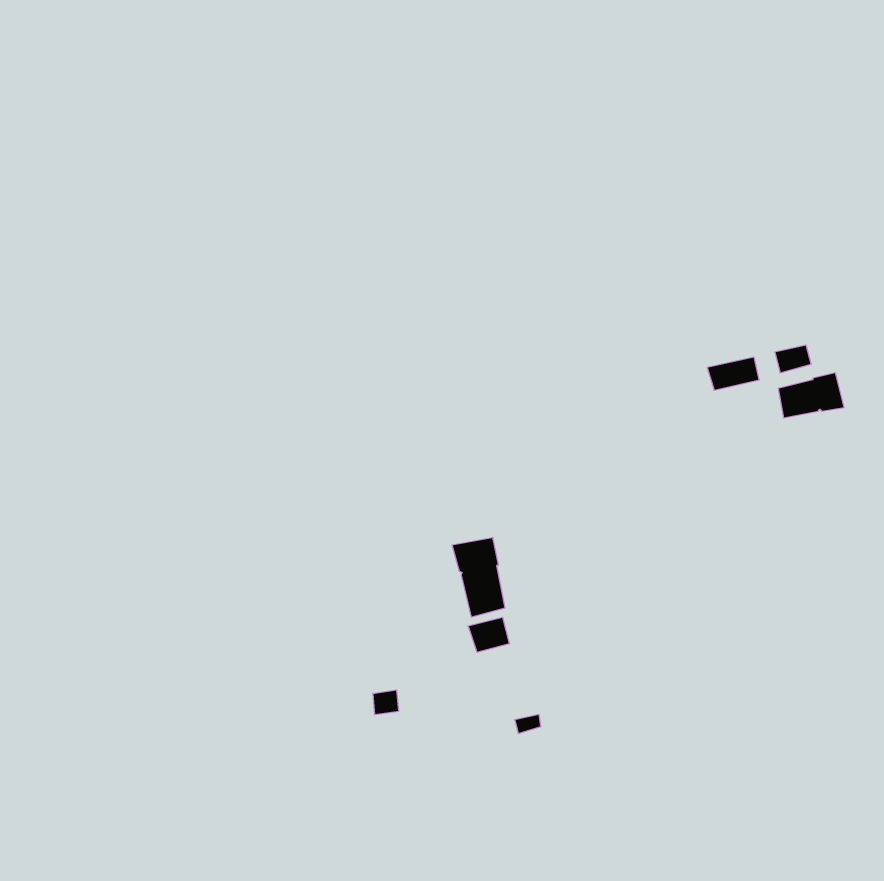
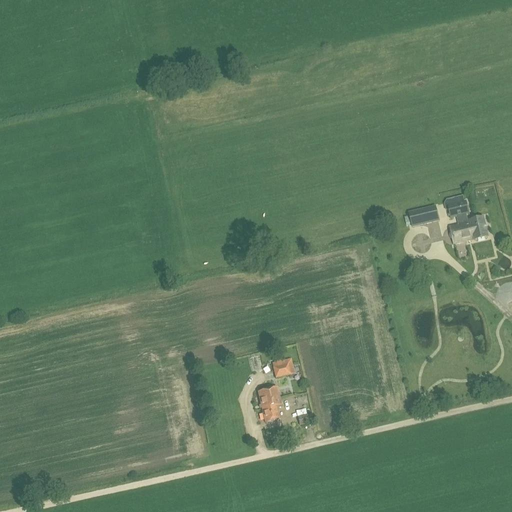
building: [452,537,505,617] -> none
building: none -> [257,385,280,420]

